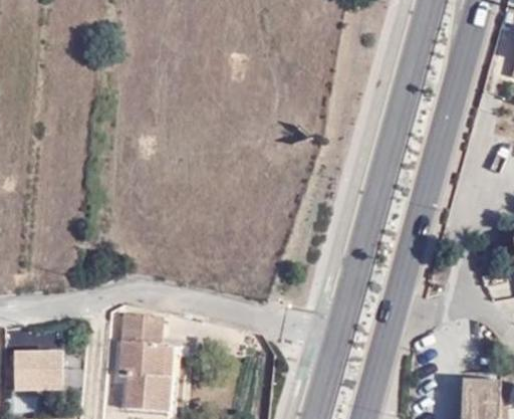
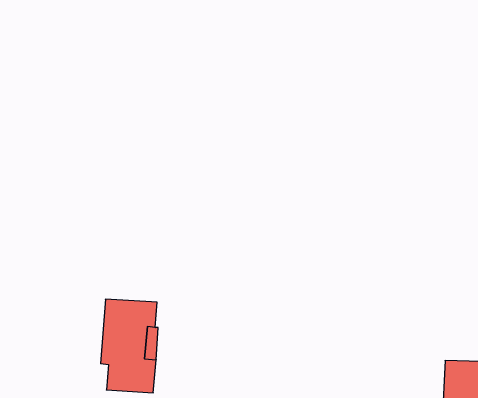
building: [12,351,61,390] -> none

